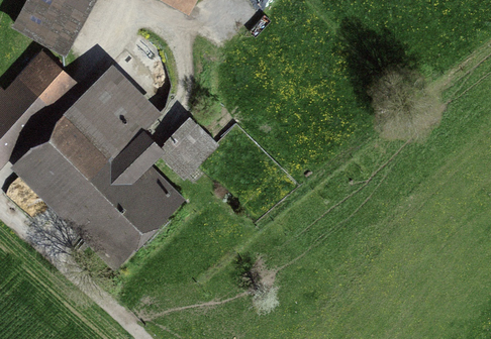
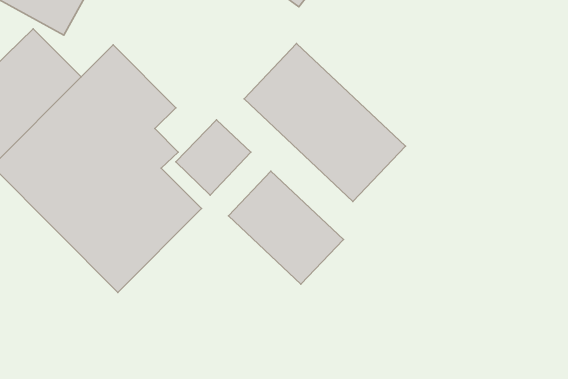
building: none -> [244,44,405,201]
building: none -> [228,171,343,284]

